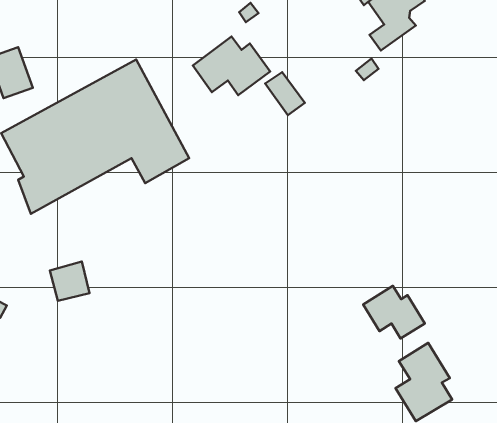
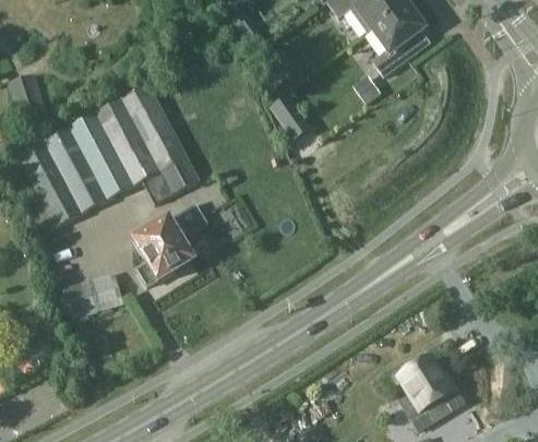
building: [193,37,270,95] -> none
building: none -> [134,202,210,284]
building: [363,286,425,338] -> none

